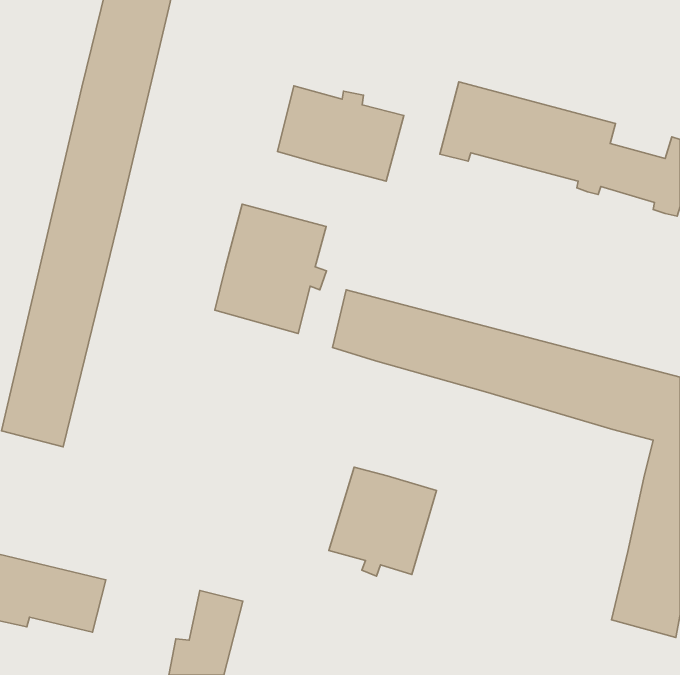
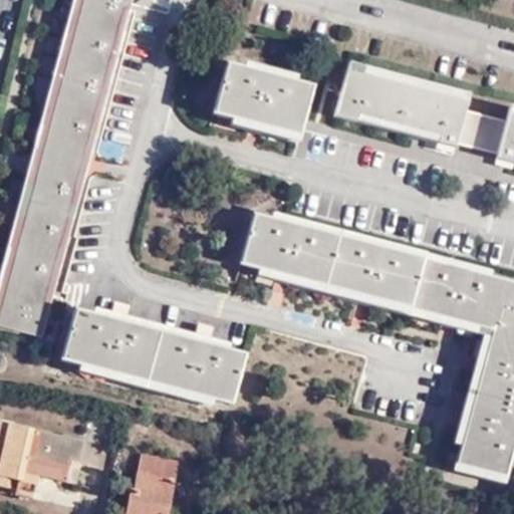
building: [215,204,327,334] -> none
building: none -> [63,306,243,403]
building: [329,467,437,576] -> none

